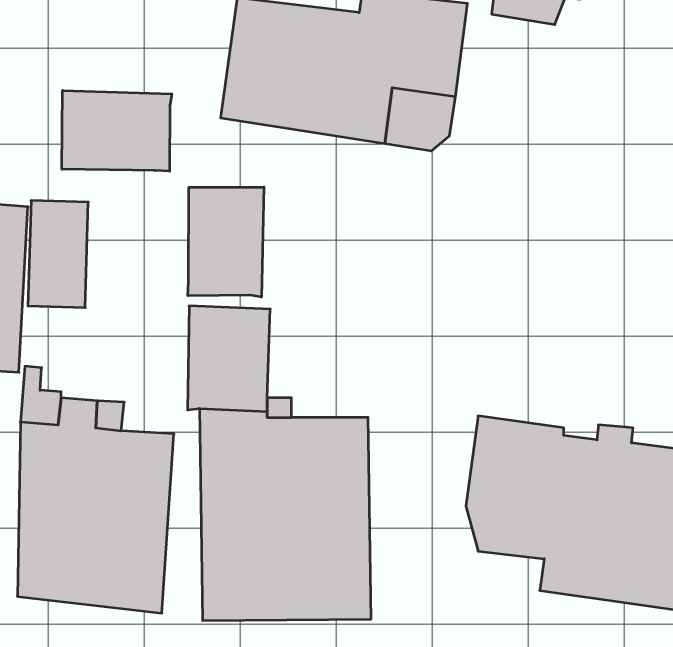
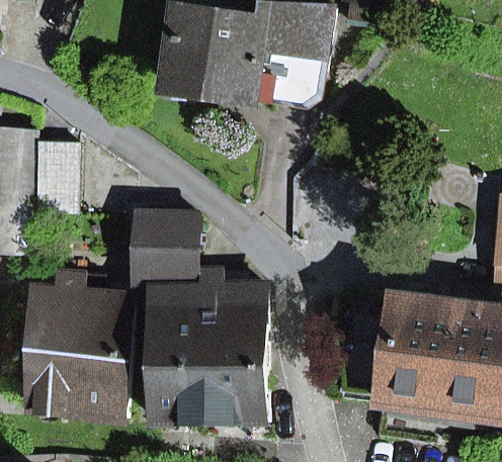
building: [62,90,172,171] -> none
building: [188,187,264,297] -> none

